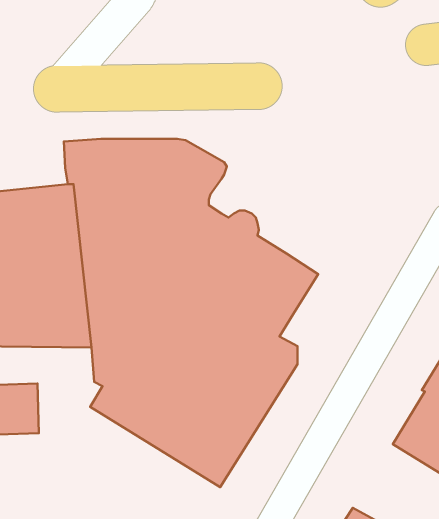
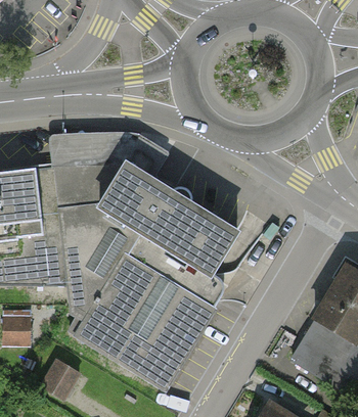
building: none -> [41,355,84,398]

